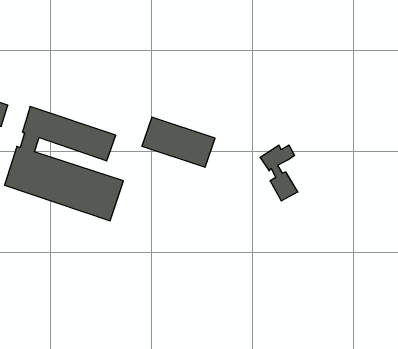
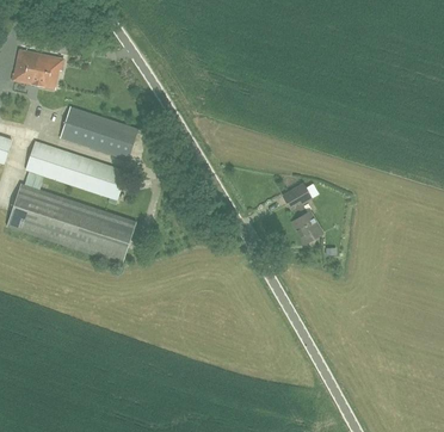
building: none -> [12,49,63,87]
building: [142,117,215,167] -> [60,106,138,160]

